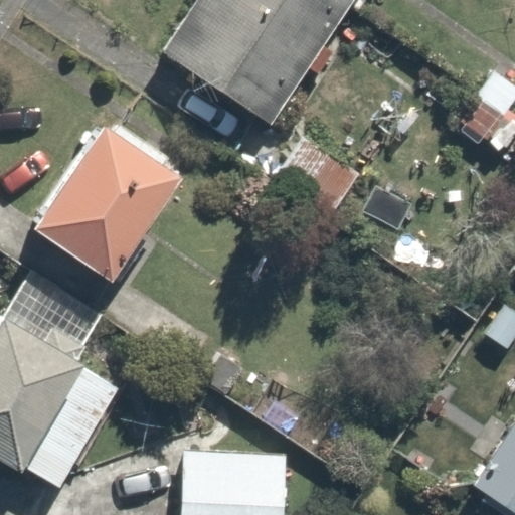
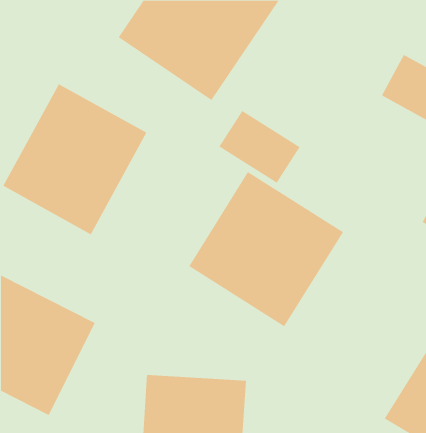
building: none -> [188,171,344,327]

